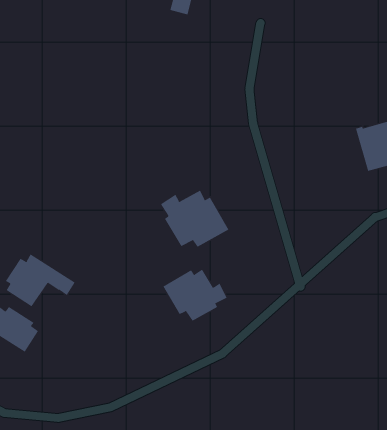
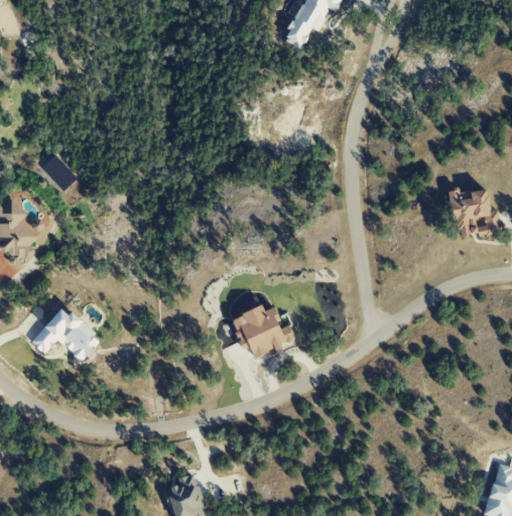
building: [160,190,229,248] -> none
building: [5,253,75,307] -> none

